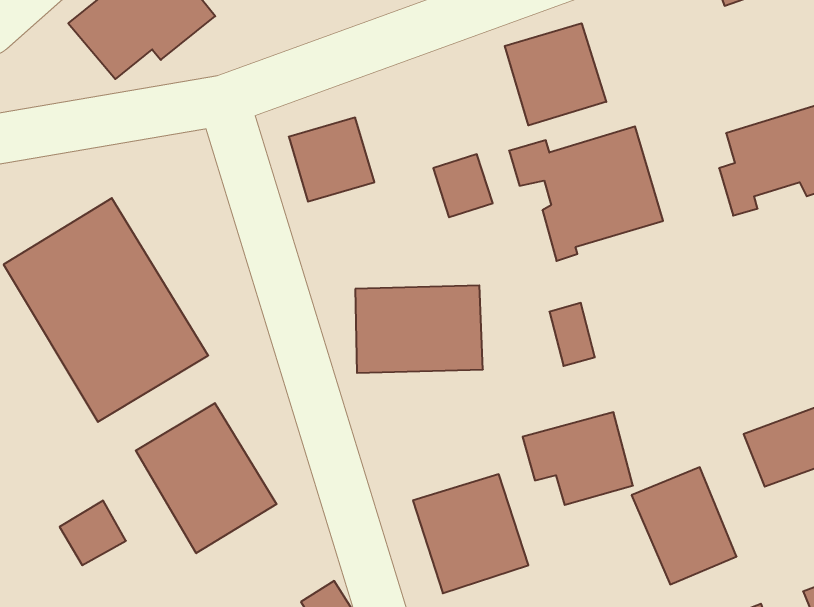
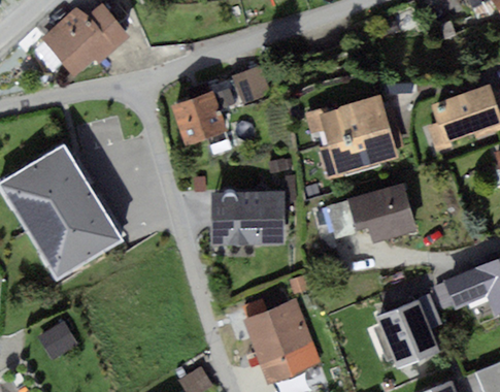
building: [505,23,606,125] -> none
building: [433,154,493,217] -> [236,66,271,103]
building: [136,403,277,553] -> none
building: [523,412,633,505] -> [347,188,412,242]

